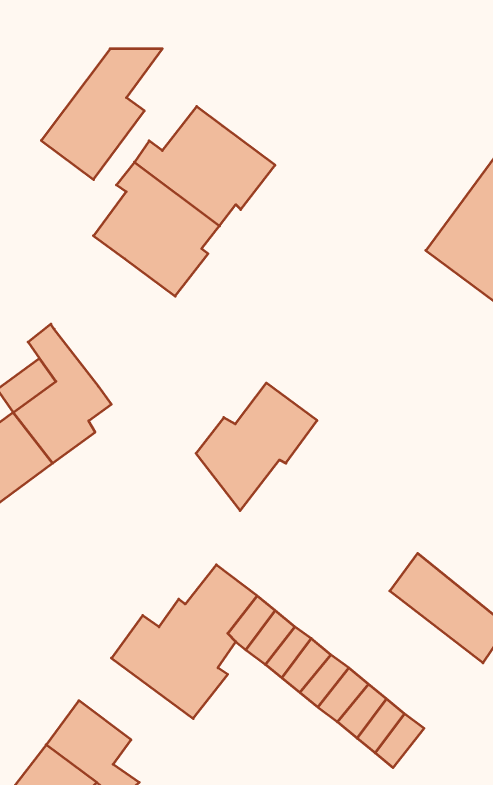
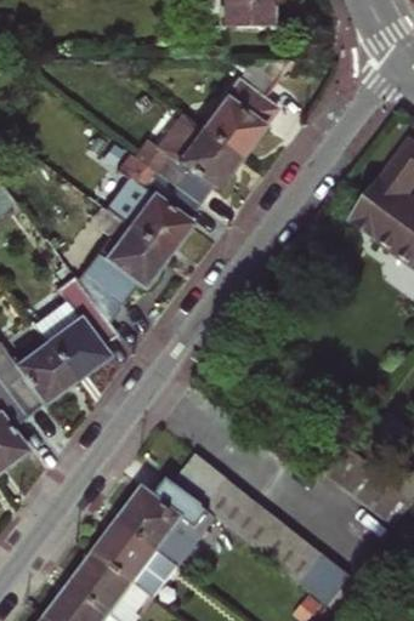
building: [41,49,162,180] -> [202,62,291,159]
building: [196,383,317,511] -> [76,228,166,323]
building: none -> [95,524,180,602]

